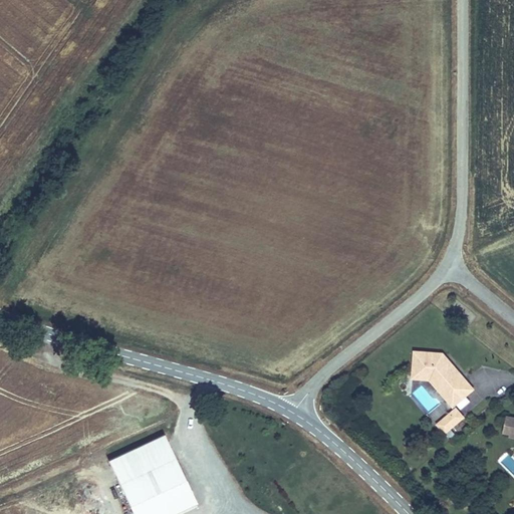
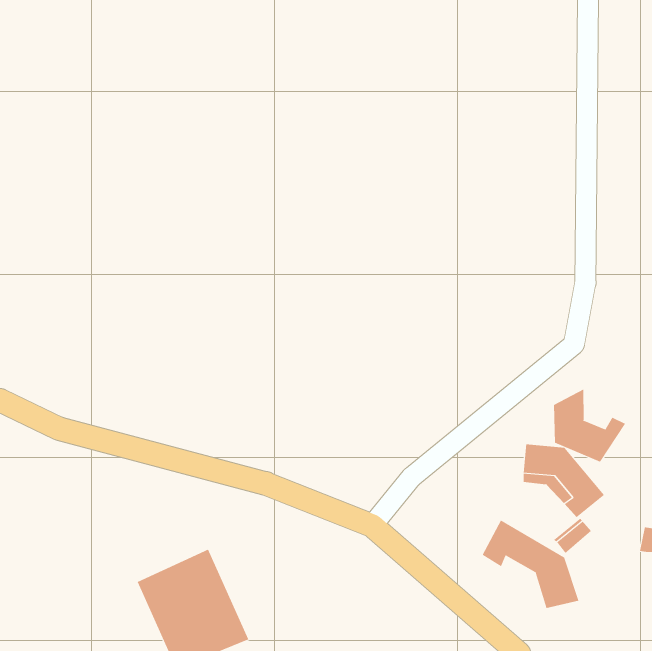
building: none -> [553,389,626,463]
building: none -> [482,519,579,609]

